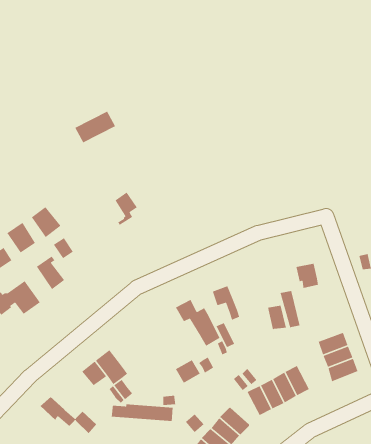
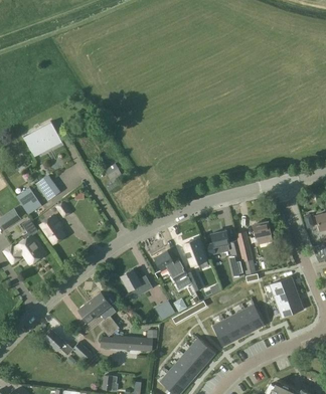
building: [74,110,116,144] -> [25,125,59,152]
building: none -> [206,230,229,255]
building: none -> [121,269,151,294]

